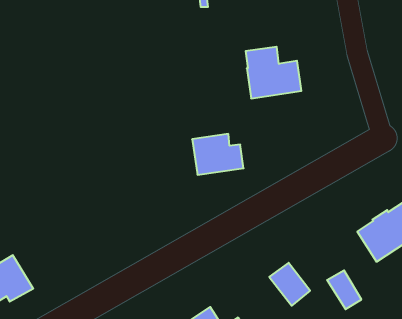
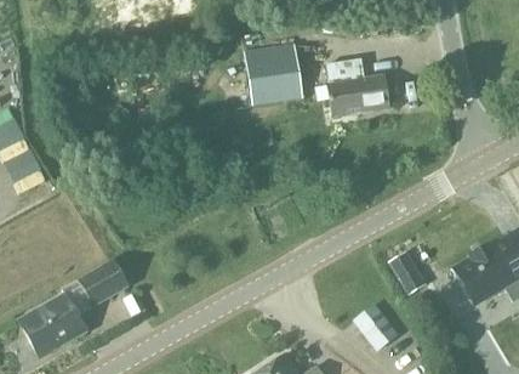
building: [192,134,244,175] -> [250,57,308,103]
building: none -> [79,260,127,305]
building: [327,270,361,309] -> [387,250,426,294]

